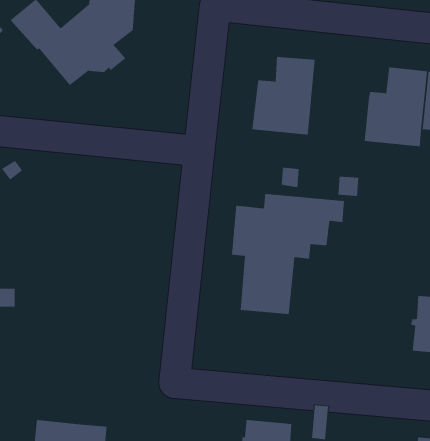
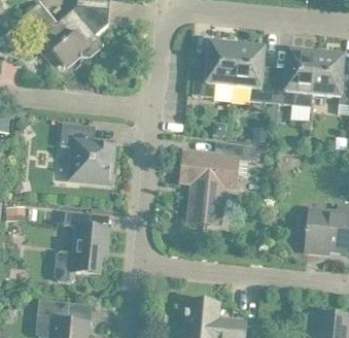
building: none -> [232,45,275,103]
building: none -> [60,124,114,183]
building: none -> [55,212,109,281]

